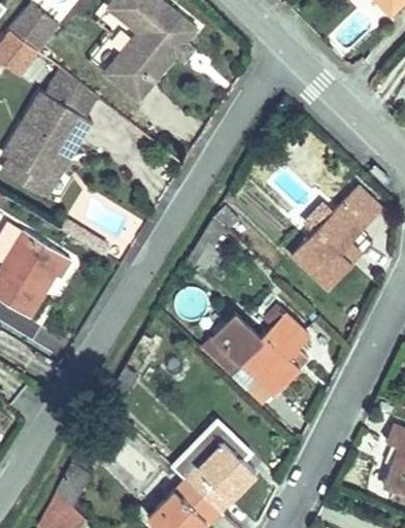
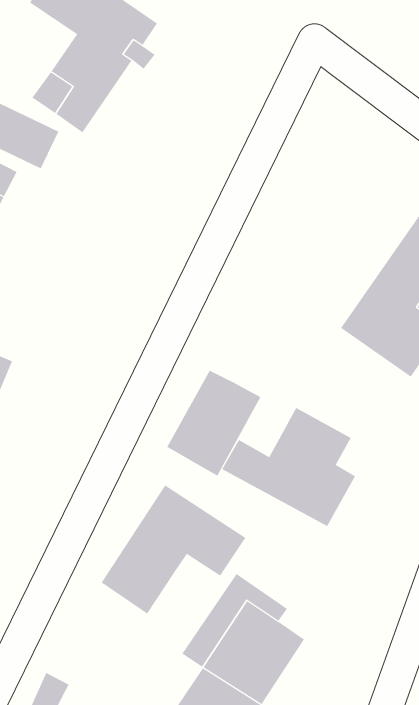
building: none -> [167,370,261,476]
building: none -> [101,485,246,614]

